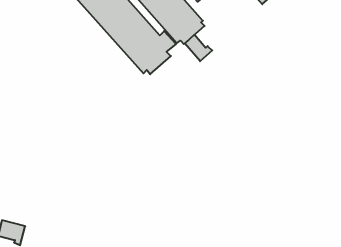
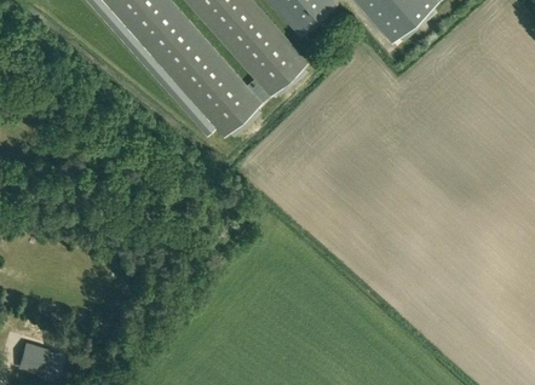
building: [185,35,212,61] -> none

